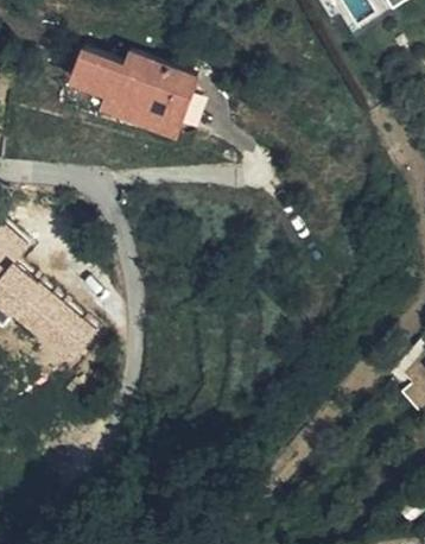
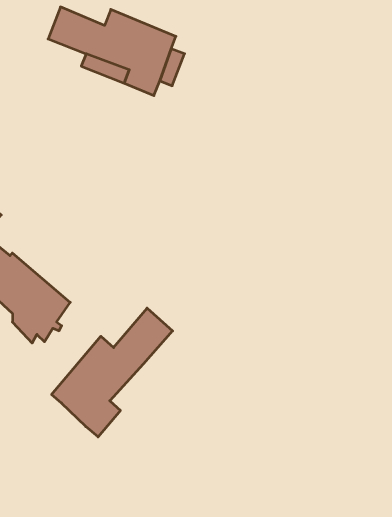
building: none -> [52,308,173,437]

